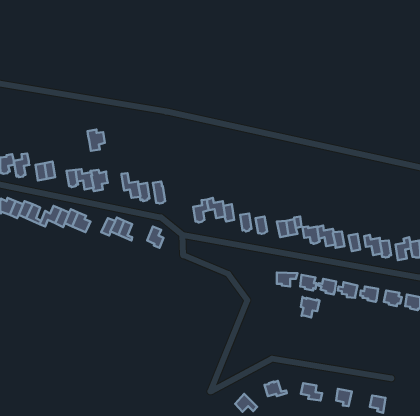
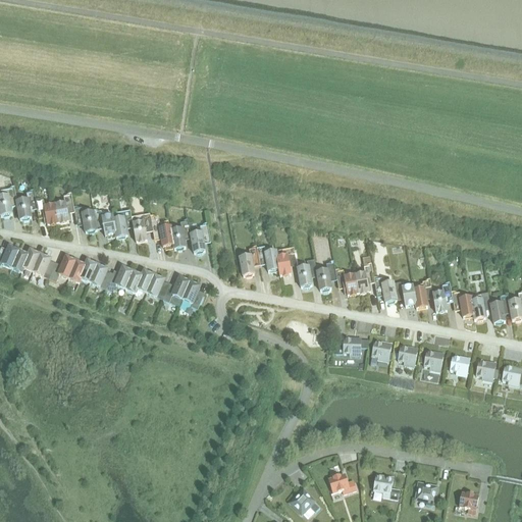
building: [87,130,105,151] -> [132,214,153,241]
building: none -> [106,266,134,292]
building: none -> [163,276,190,305]
building: [301,297,319,317] -> none

